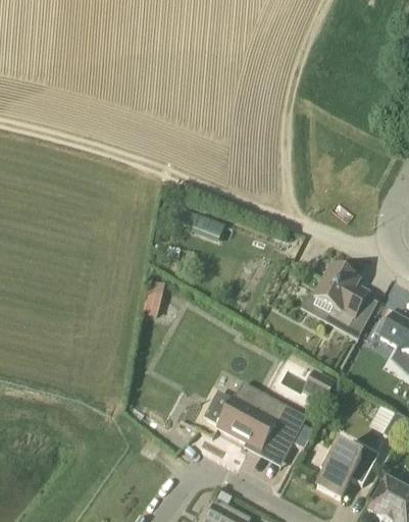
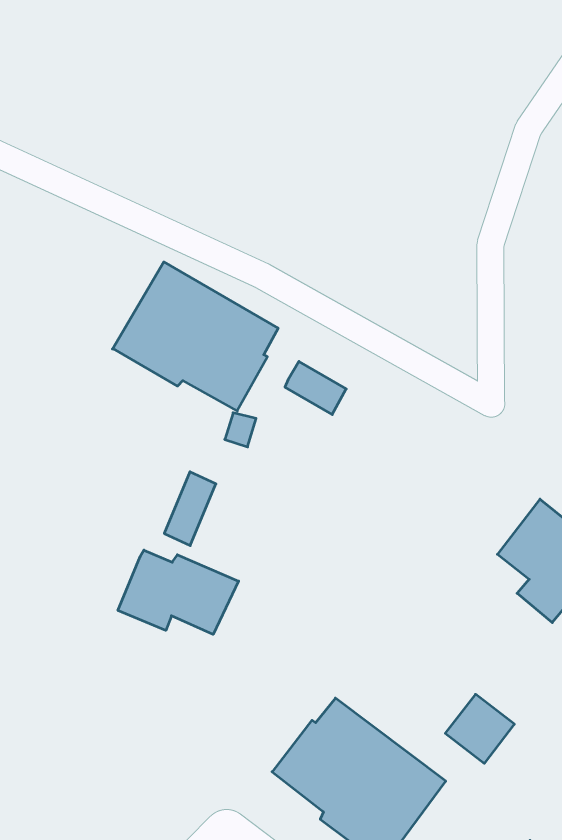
building: none -> [112,262,278,411]
building: none -> [118,550,239,634]

